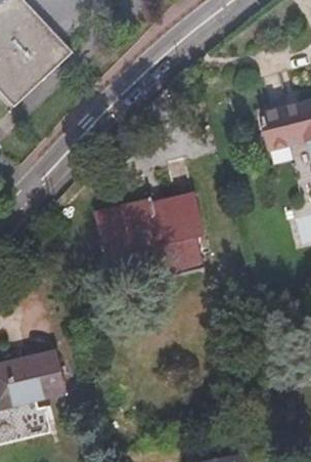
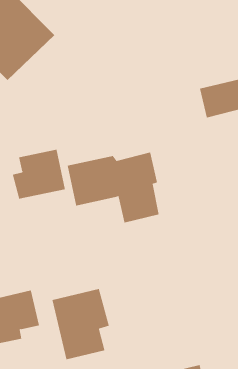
building: none -> [12,149,65,200]
building: none -> [52,288,110,360]

